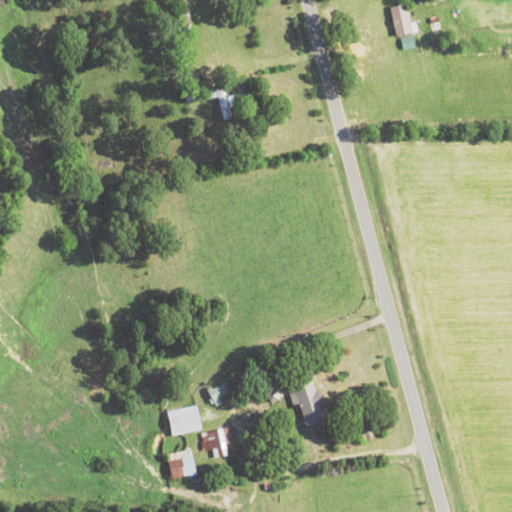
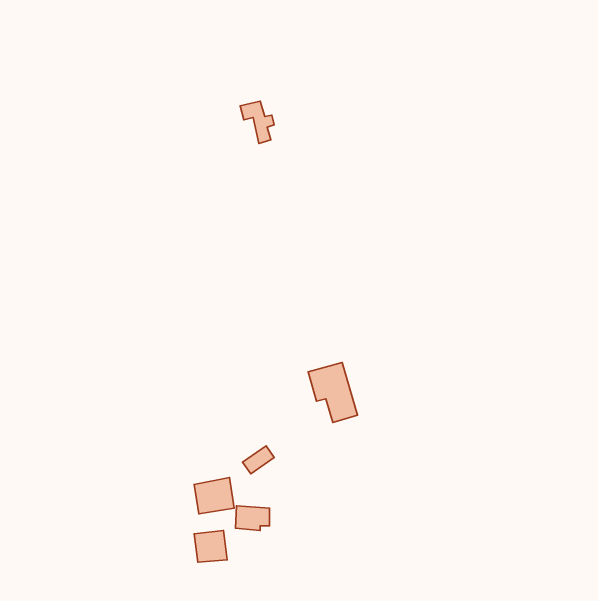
building: [391,4,413,37] -> none
building: [286,375,328,426] -> [308,362,358,422]

